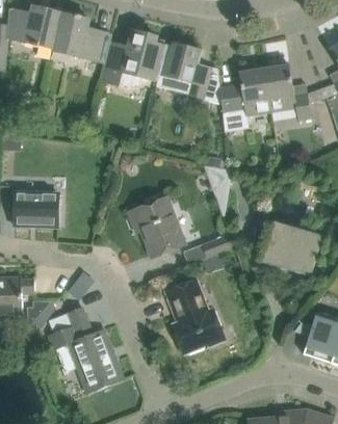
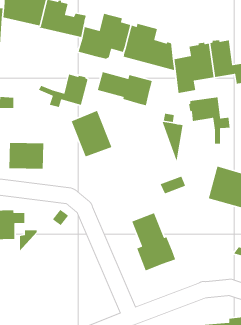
building: none -> [97,71,153,106]
building: none -> [38,73,89,108]
building: none -> [188,96,231,145]
building: [128,197,185,257] -> [67,110,113,157]
building: [49,308,123,393] -> none

